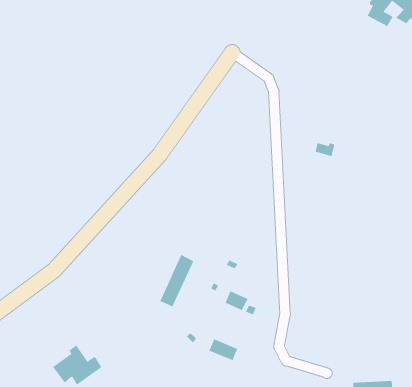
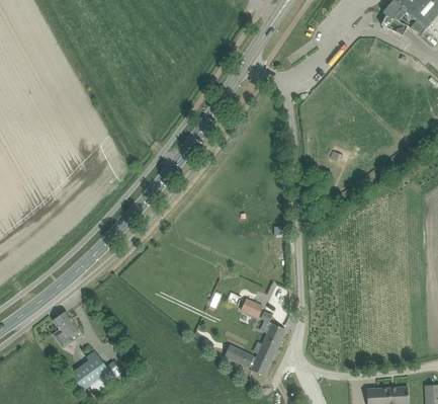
building: [159,254,194,307] -> [251,322,285,375]
building: none -> [52,311,78,347]

